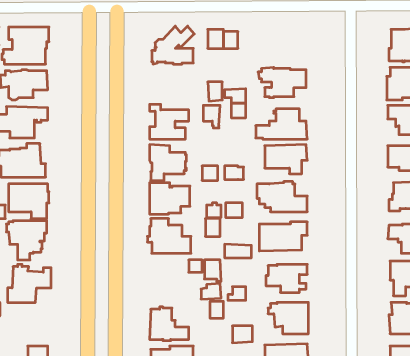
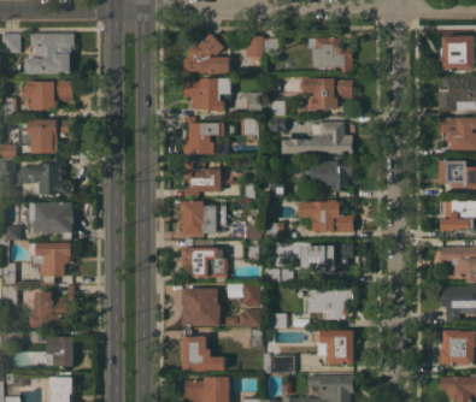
building: none -> [307,37,352,72]
building: none -> [182,78,230,112]
building: none -> [182,288,221,326]
building: none -> [46,336,72,366]

